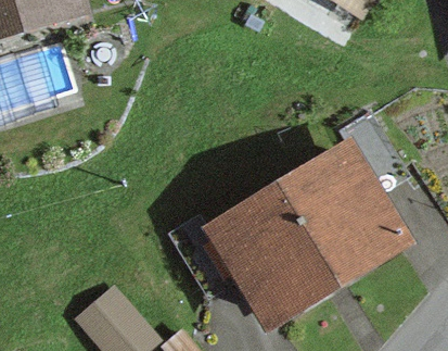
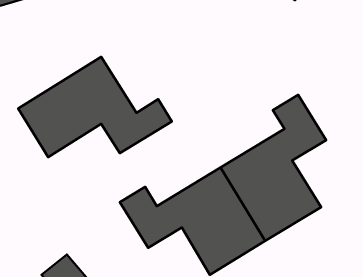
building: none -> [18,57,172,157]

